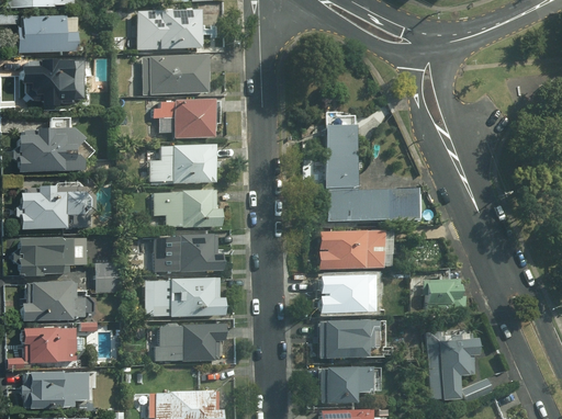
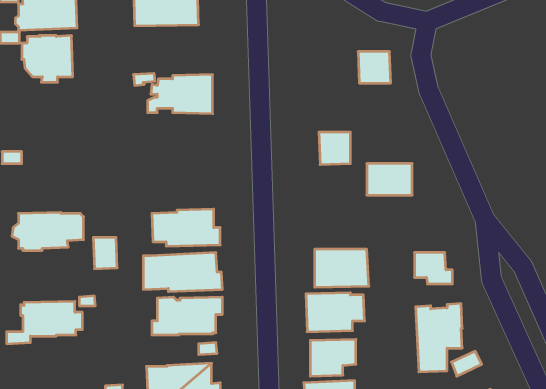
building: [144,54,210,94] -> none
building: [15,117,97,171] -> none
building: [324,124,357,156] -> [358,52,391,83]
building: [151,144,218,184] -> none
building: [18,182,98,228] -> none
building: [326,188,373,219] -> none
building: [156,189,224,227] -> none
building: [310,229,381,268] -> none
building: [24,281,87,320] -> none
building: [23,371,93,408] -> none

